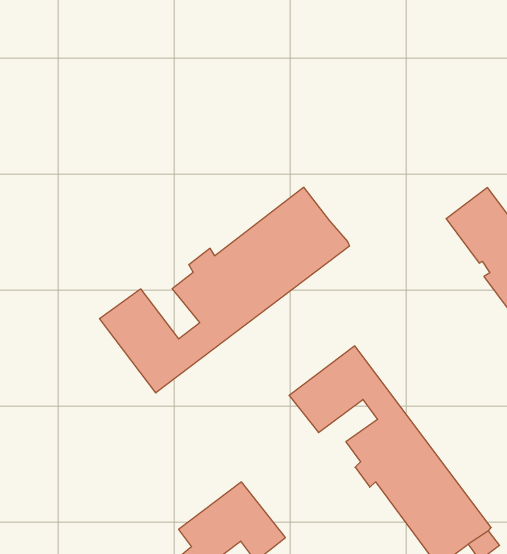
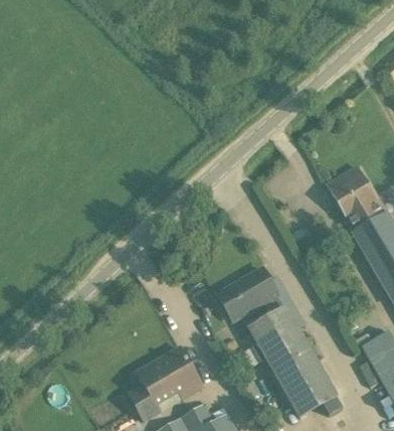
building: [100,187,349,393] -> none

